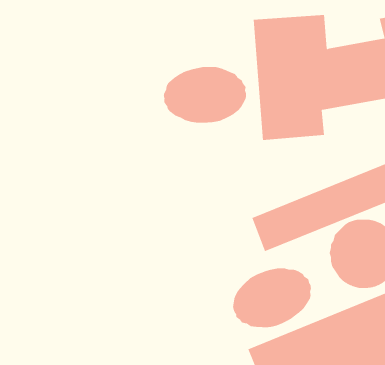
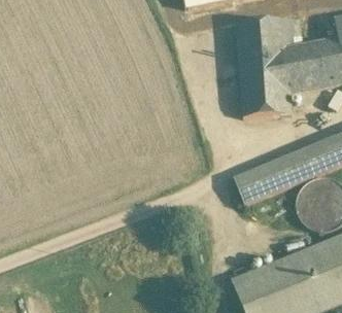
building: [163,66,247,124] -> none
building: [233,268,311,328] -> none

